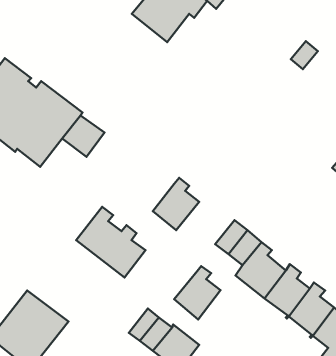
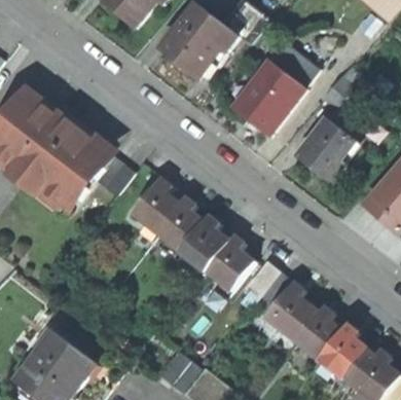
building: none -> [233,44,316,134]
building: none -> [296,118,353,182]
building: [76,207,146,277] -> [132,178,203,250]
building: [174,266,220,319] -> [205,235,252,290]

